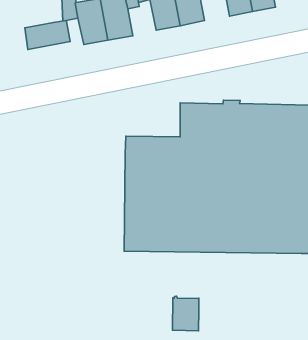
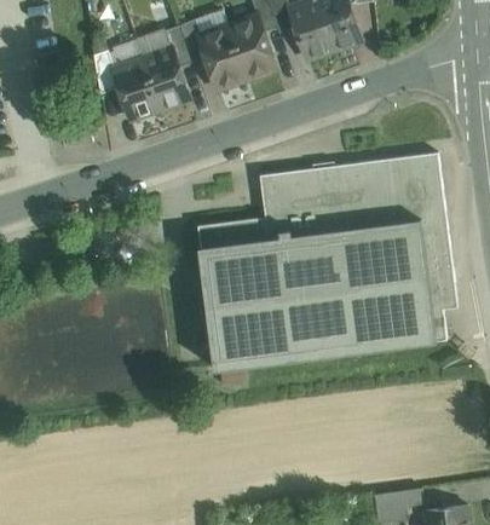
building: [25,21,70,49] -> none
building: [172,296,199,331] -> none

